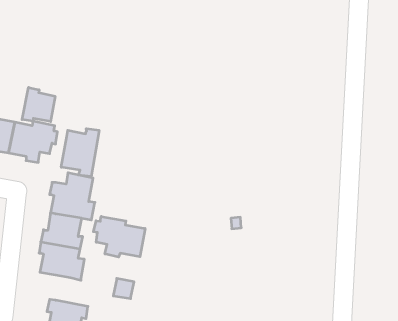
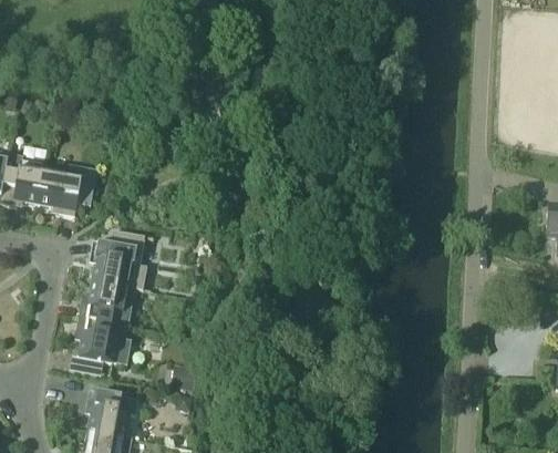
building: [22,87,55,122] -> none
building: [61,129,99,177] -> none
building: [93,216,145,257] -> none

